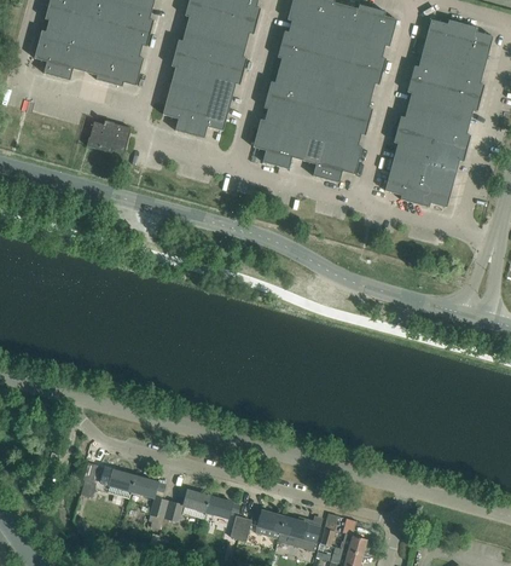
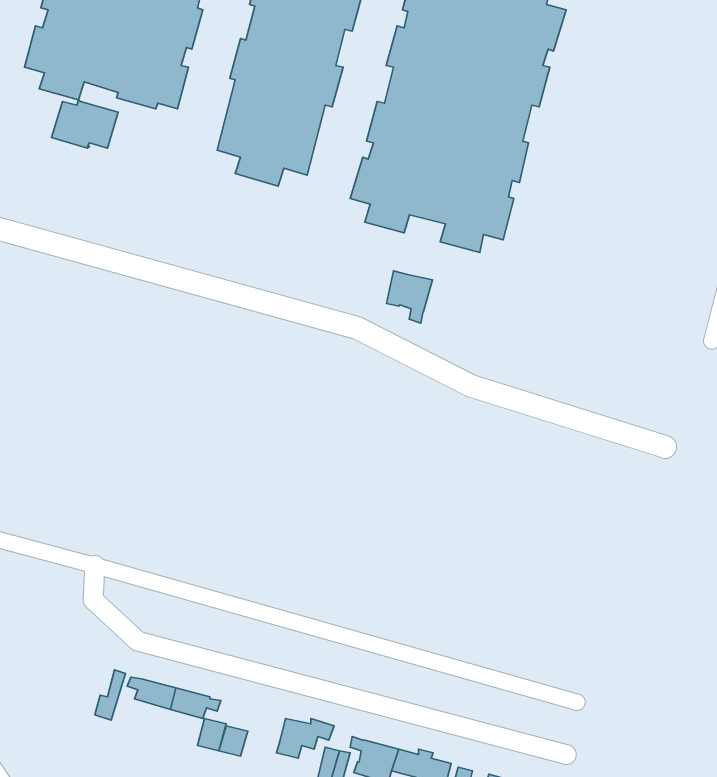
building: [385,18,493,206] -> none
building: [87,119,132,151] -> [52,100,118,148]
building: none -> [386,271,432,323]
building: [178,487,209,518] -> none

